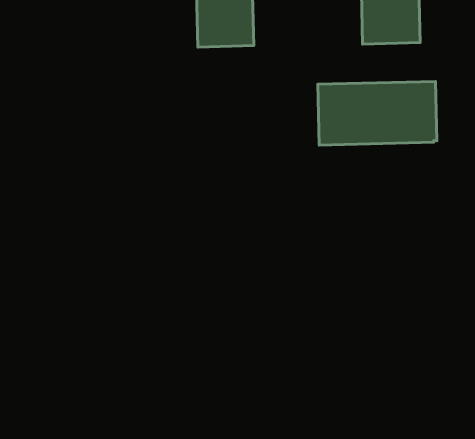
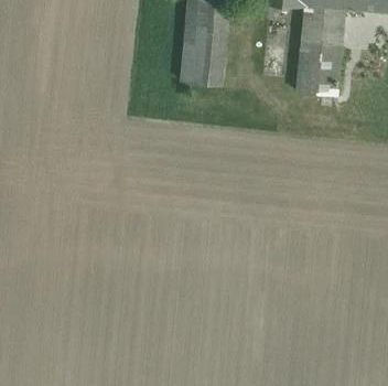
building: [318,82,437,145] -> none

